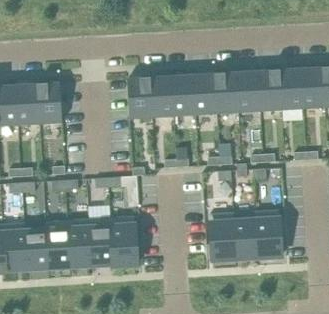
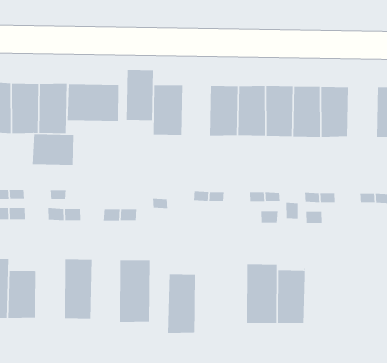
building: [279,69,303,110] -> none
building: [150,77,173,118] -> [126,69,154,121]
building: none -> [67,83,119,122]
building: none -> [32,134,74,166]
building: [255,210,281,258] -> none
building: [89,218,113,267] -> [167,274,196,337]
building: [45,220,70,268] -> none

